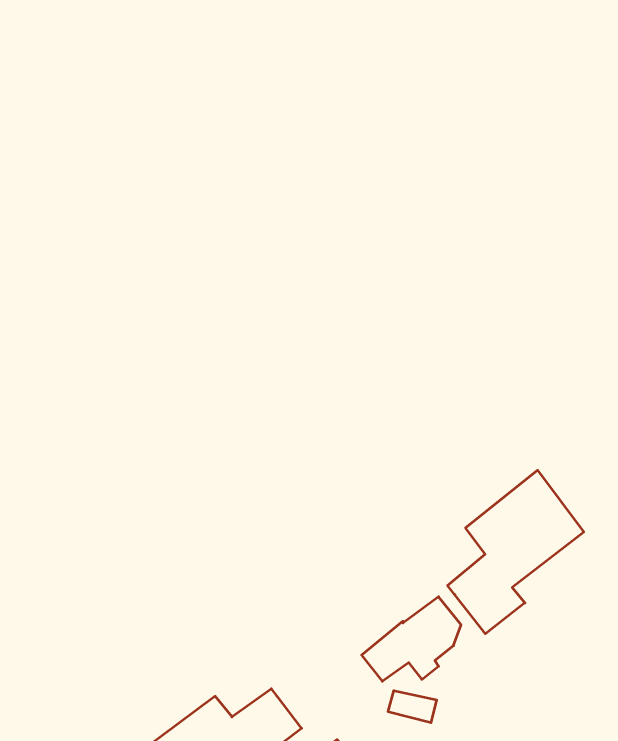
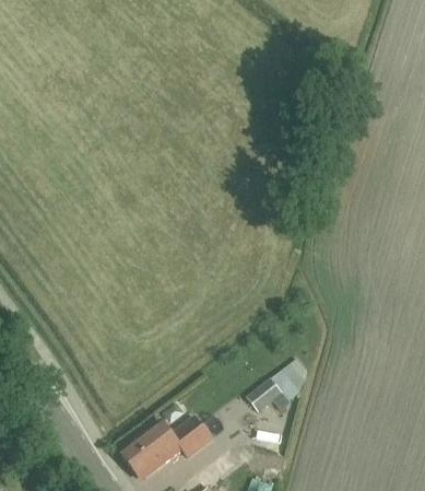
building: [448,470,584,634] -> none

